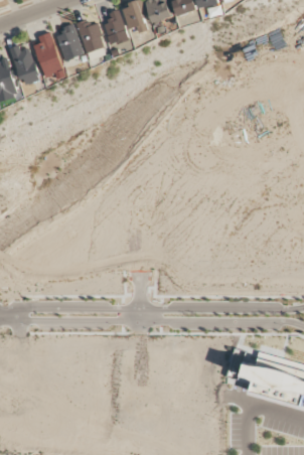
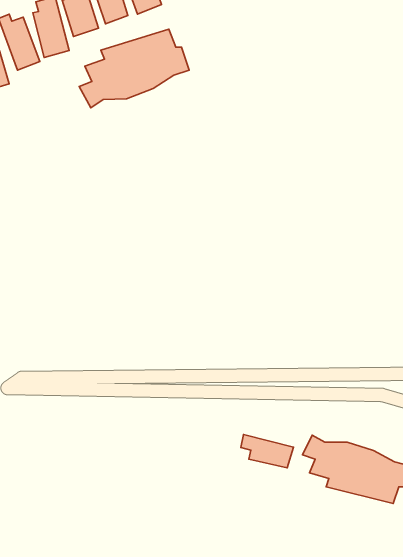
building: none -> [79,29,189,108]
building: none -> [241,435,294,468]

